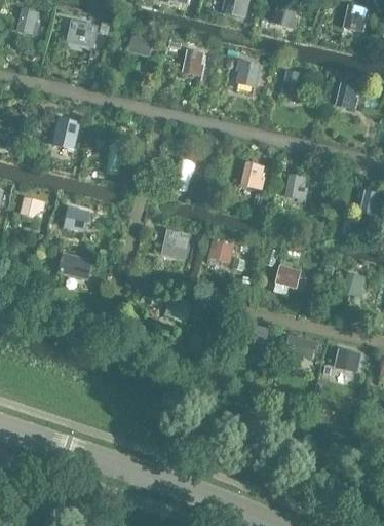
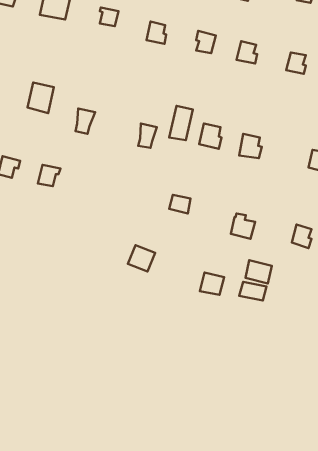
building: none -> [169,106,193,140]
building: [160,229,191,261] -> none
building: [57,253,93,281] -> none
building: [334,348,362,374] -> [245,260,272,283]

